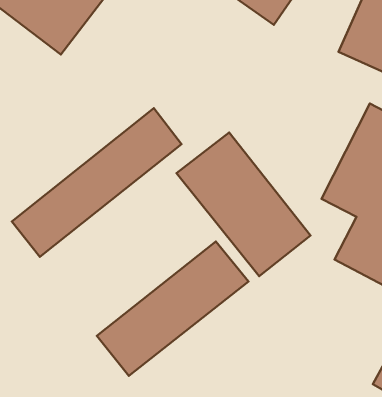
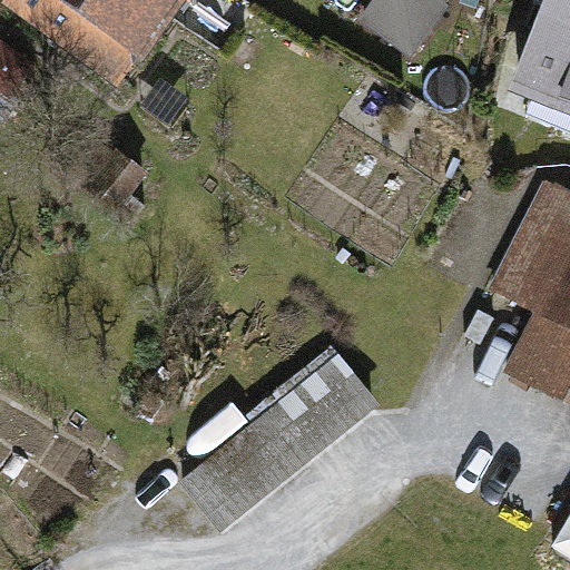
building: [12,108,181,257] -> none
building: [177,132,311,276] -> none

